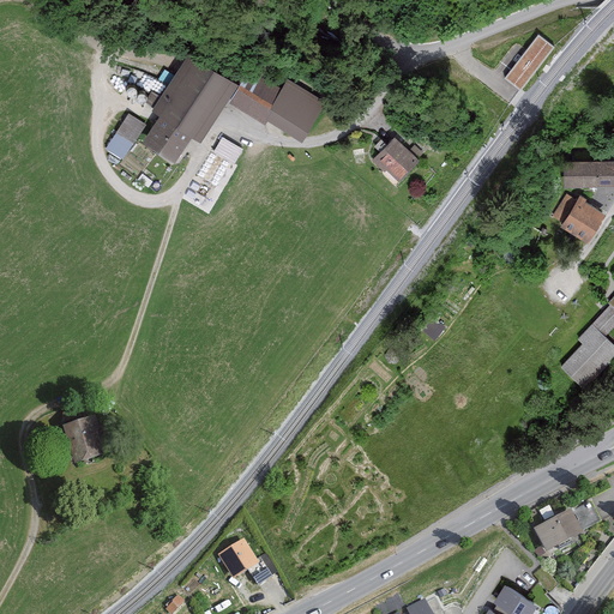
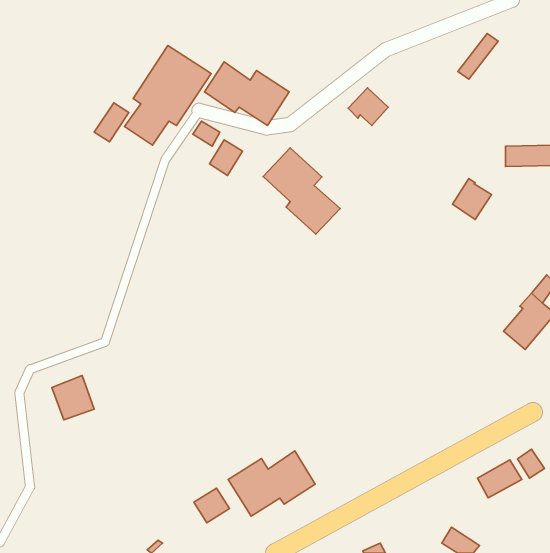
building: [373,139,417,181] -> [348,88,388,126]
building: none -> [209,140,242,175]
building: none -> [263,148,340,234]
building: [561,195,604,241] -> [453,178,492,219]
building: none -> [228,451,315,516]

